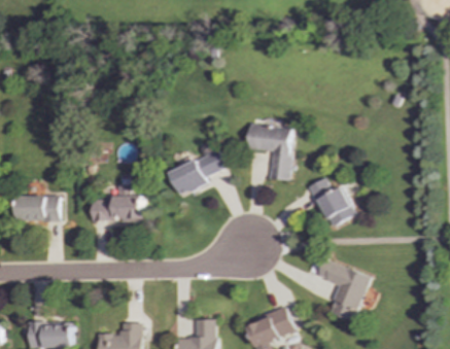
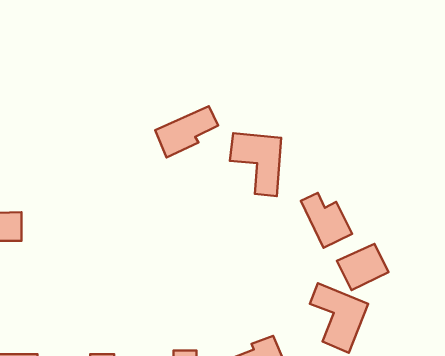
building: [167,150,223,197] -> [155,106,218,158]
building: [91,186,141,221] -> none
building: none -> [337,244,388,290]

